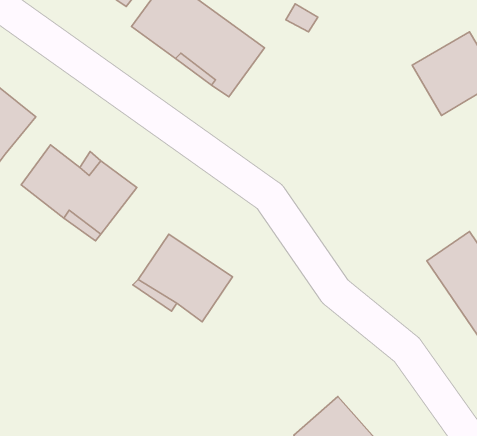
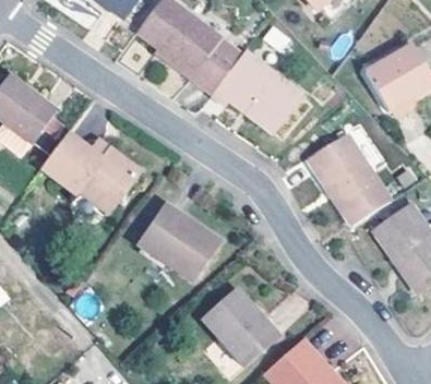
building: none -> [214,56,301,132]
building: none -> [310,133,392,226]
building: none -> [202,287,278,365]

